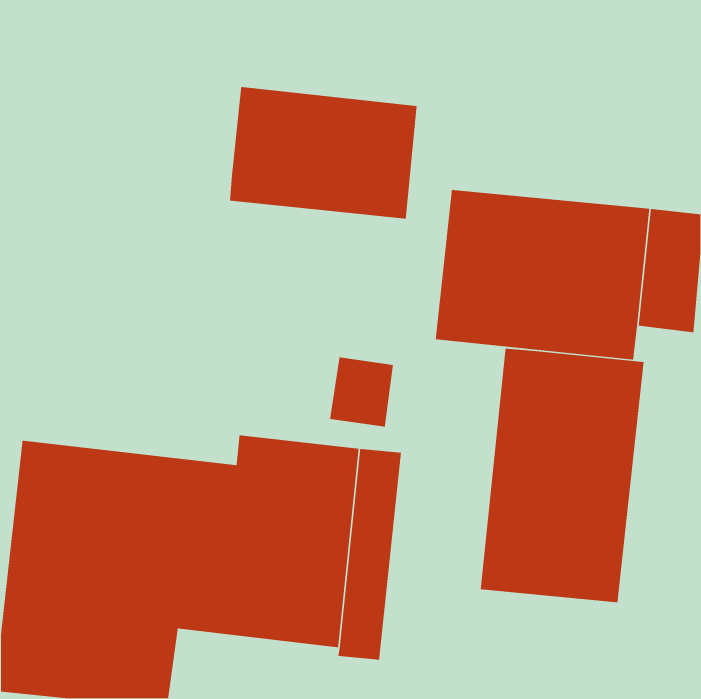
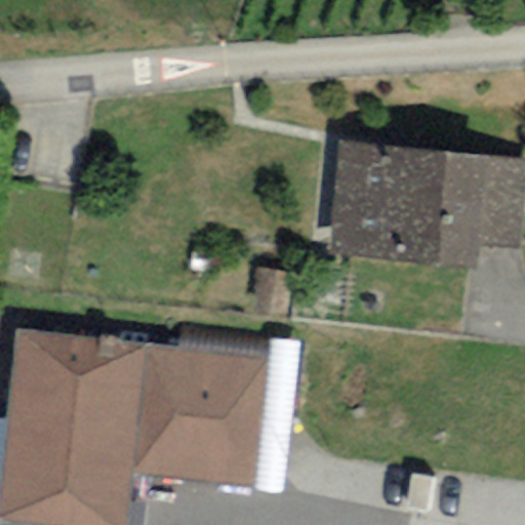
building: [229,86,418,219] -> none
building: [480,348,644,603] -> none

